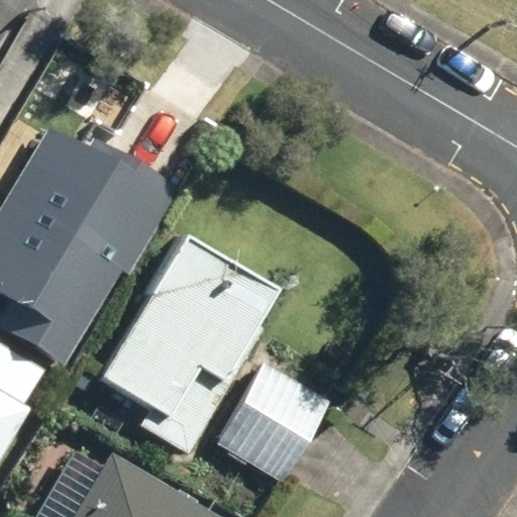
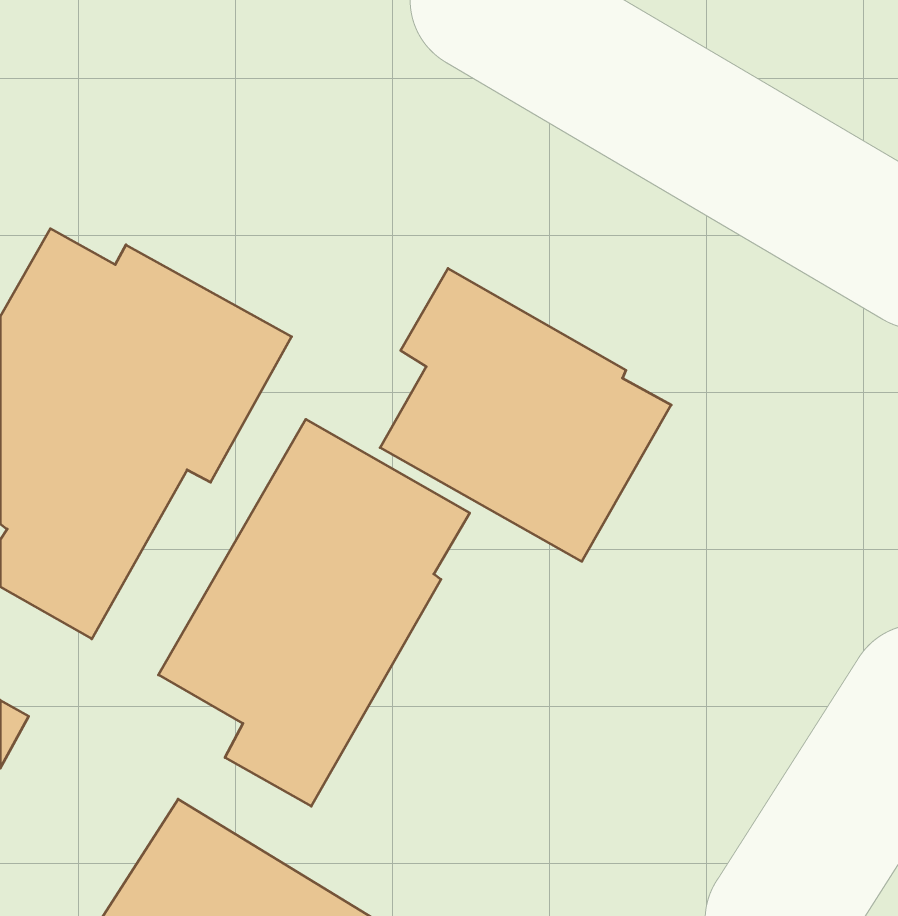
building: none -> [380,268,671,561]
building: [214,359,331,484] -> none

